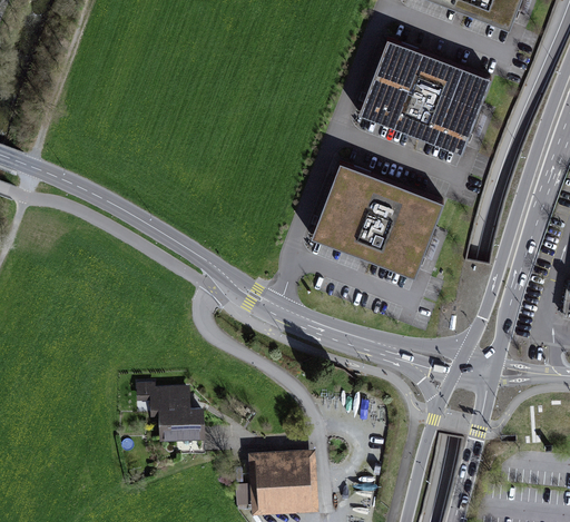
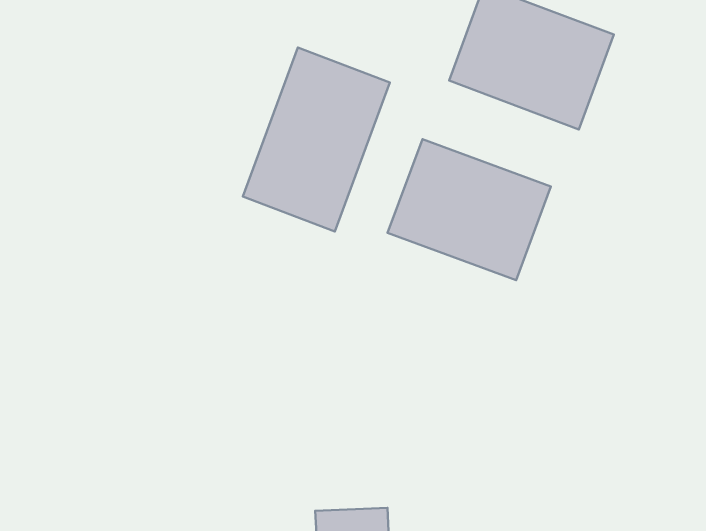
building: none -> [243,48,390,231]
building: [136,387,203,453] -> none

